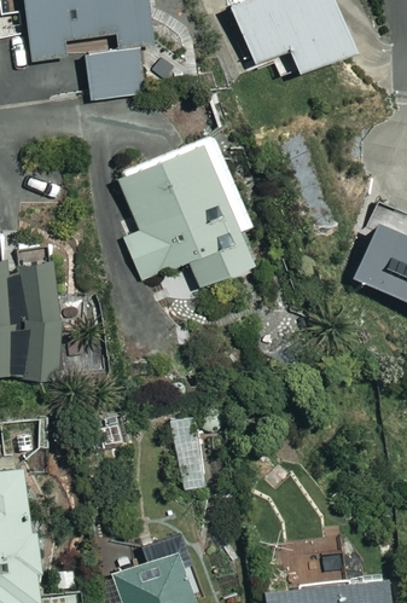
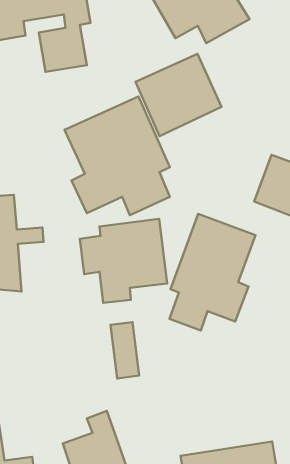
building: none -> [135,54,221,136]
building: none -> [170,214,256,330]
building: none -> [80,219,167,303]

